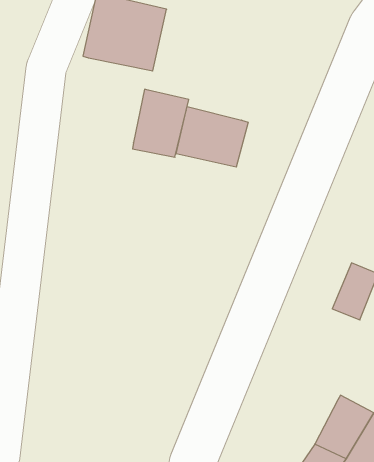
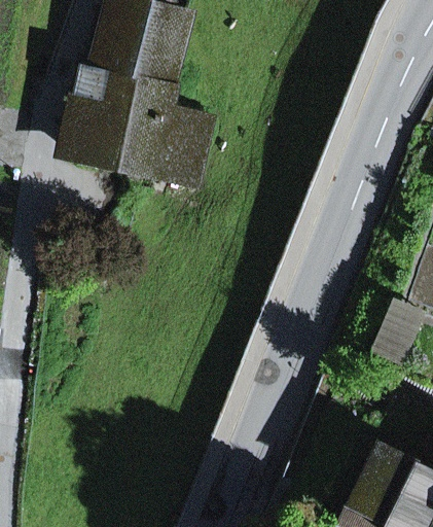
building: none -> [60,72,172,167]
building: [176,106,248,167] -> none

